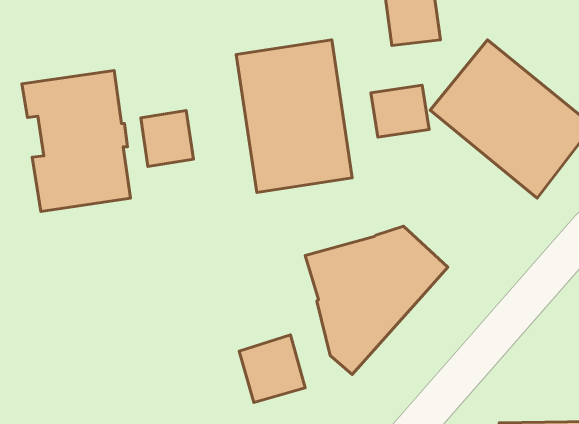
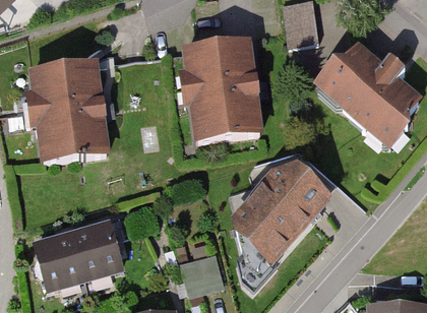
building: [371,85,429,137] -> none
building: [141,110,193,166] -> none
building: none -> [33,221,122,293]

